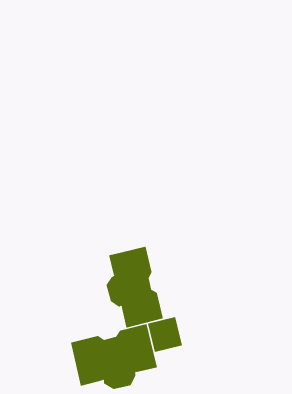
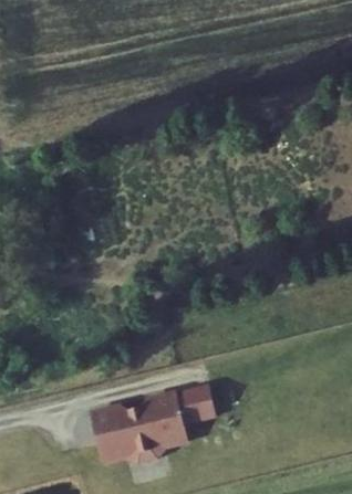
building: [106,246,163,329] -> none

